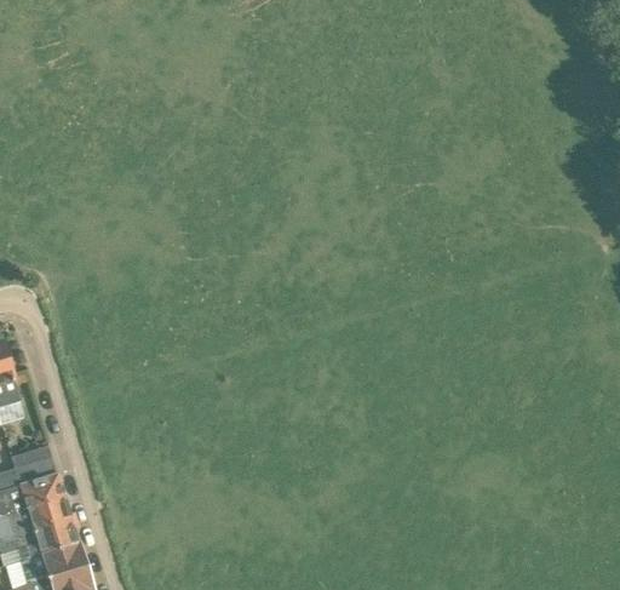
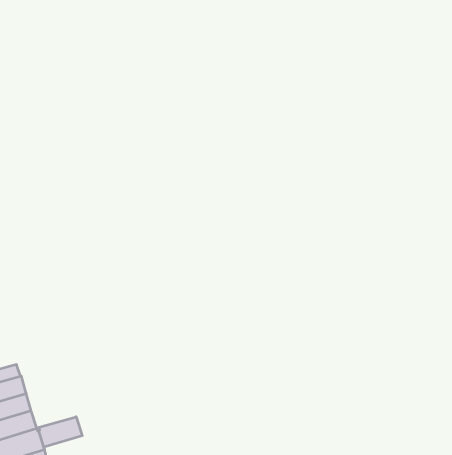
building: none -> [39,417,82,447]

